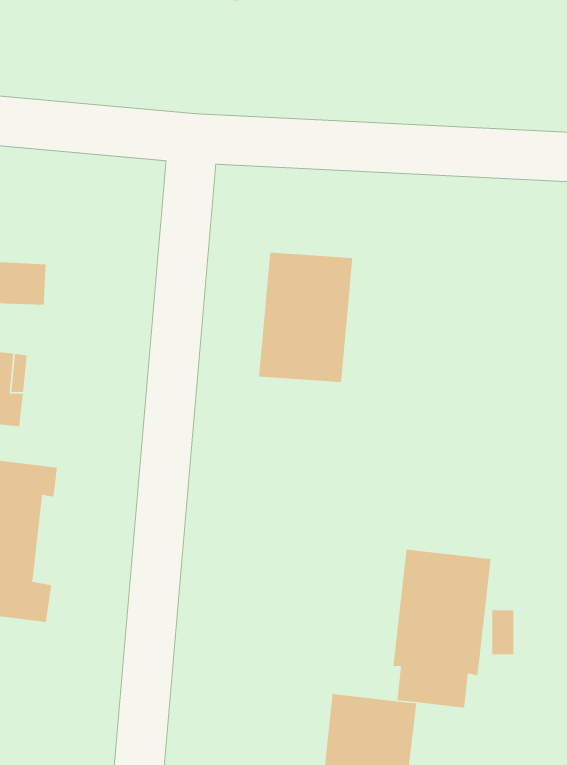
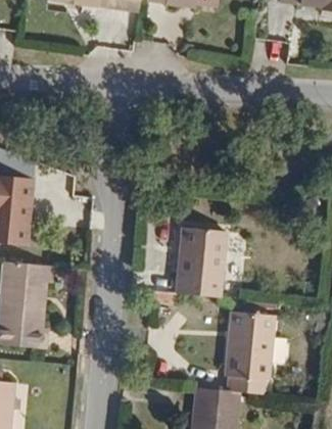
building: [258,252,353,383] -> [172,225,223,295]

